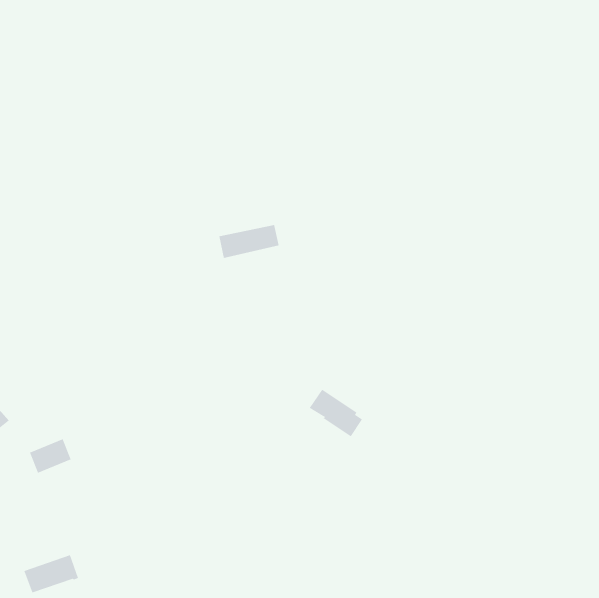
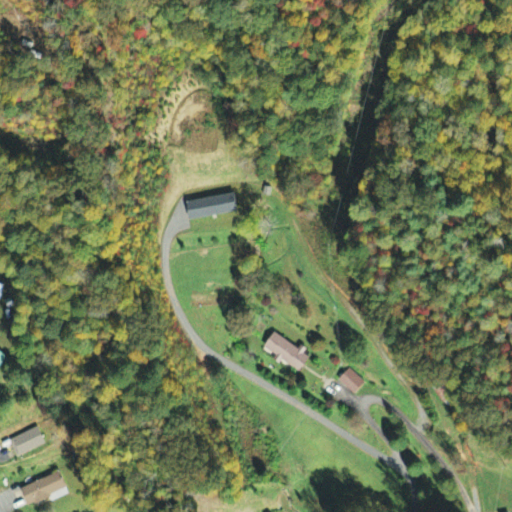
building: none -> [337,368,364,394]
building: [29,438,71,474] -> [9,426,45,456]

